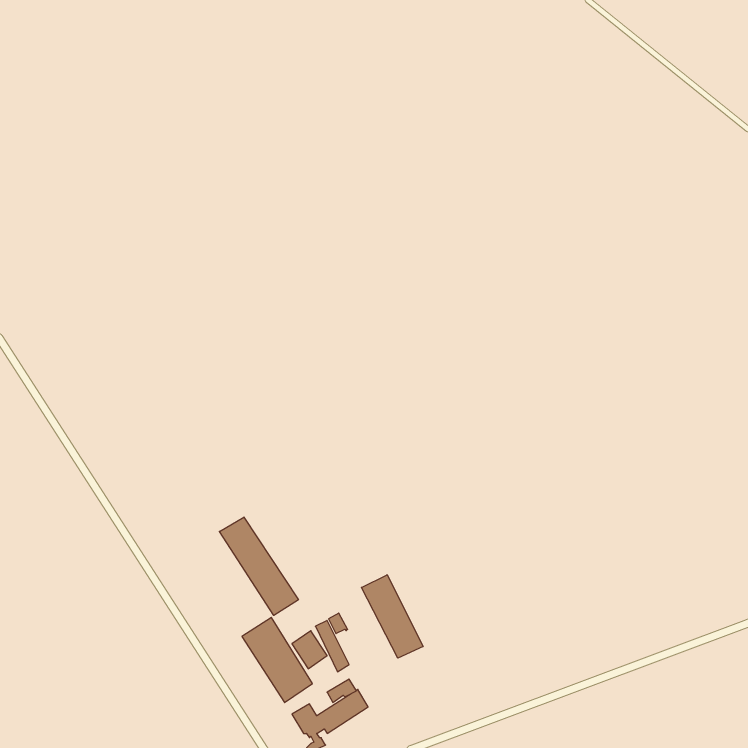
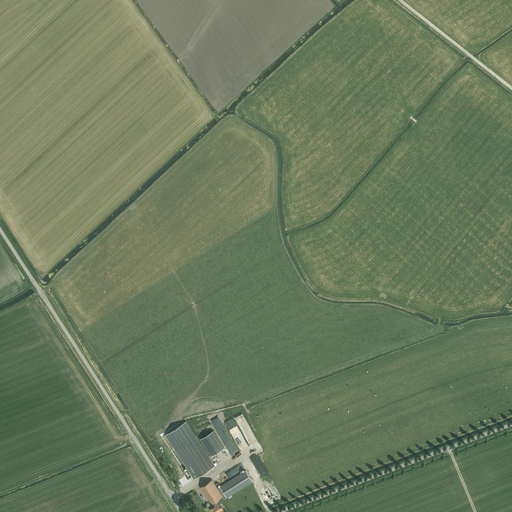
building: [219,517,298,615] -> none
building: [361,575,423,658] -> none

